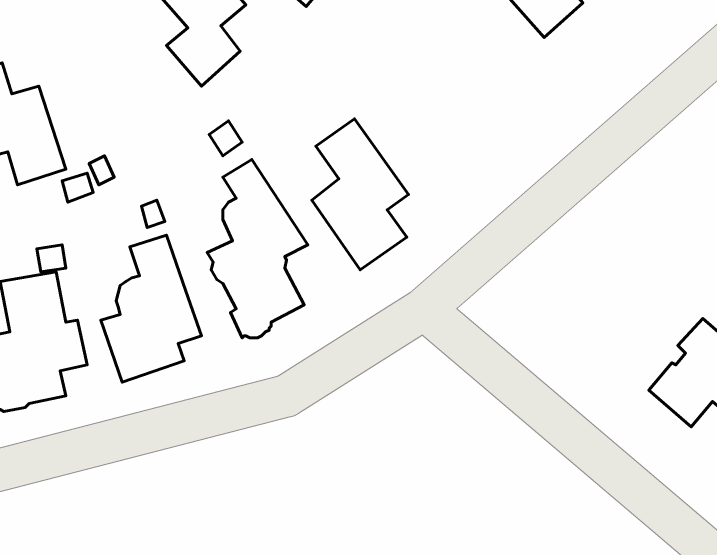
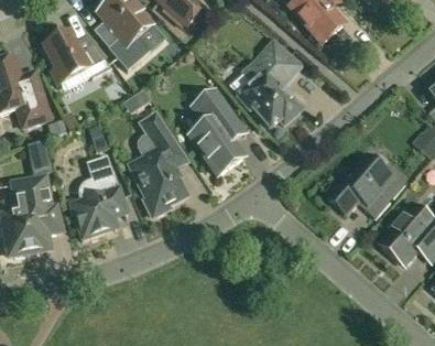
building: none -> [44,30,112,84]
building: none -> [230,40,302,126]
building: none -> [330,154,409,217]

